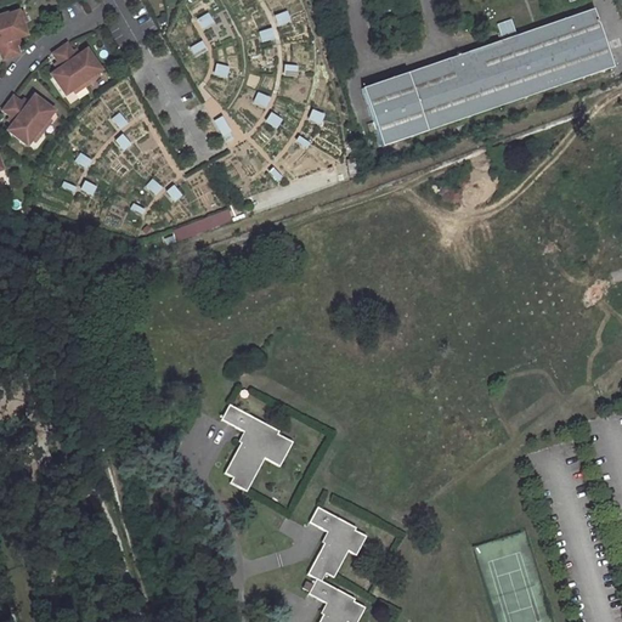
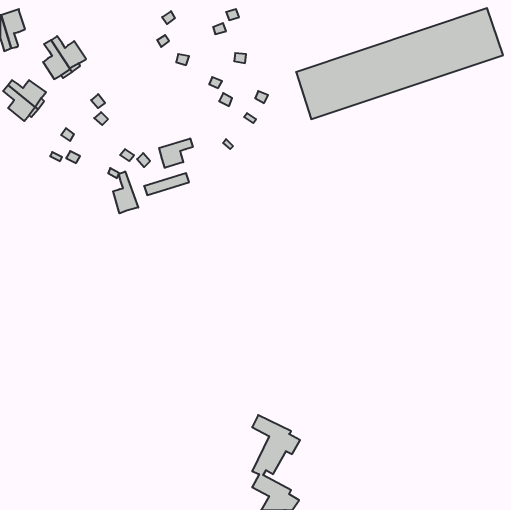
building: none -> [159,138,193,168]
building: none -> [113,171,138,213]
building: [217,395,290,480] -> none

